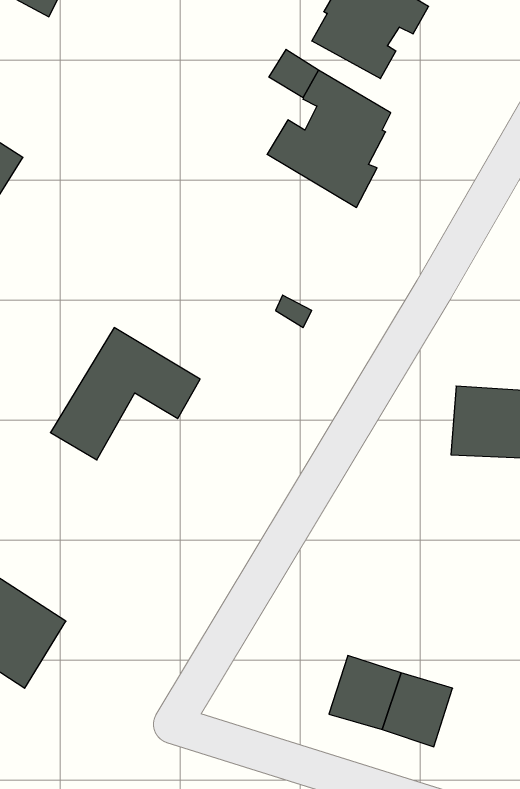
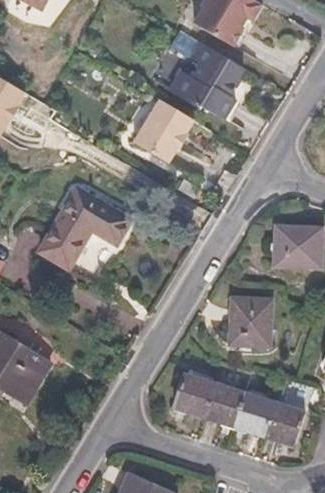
building: none -> [130,98,190,162]
building: none -> [229,298,271,346]
building: none -> [174,373,214,416]
building: none -> [264,401,305,444]

